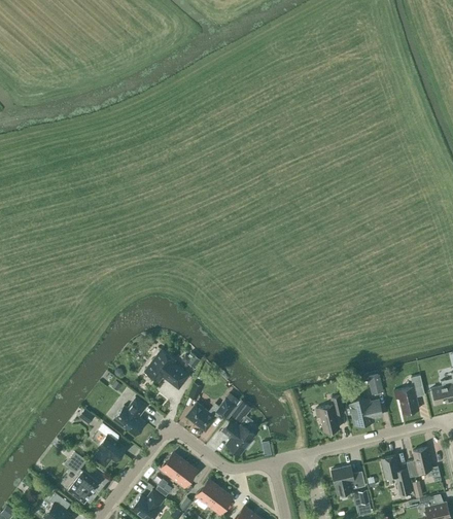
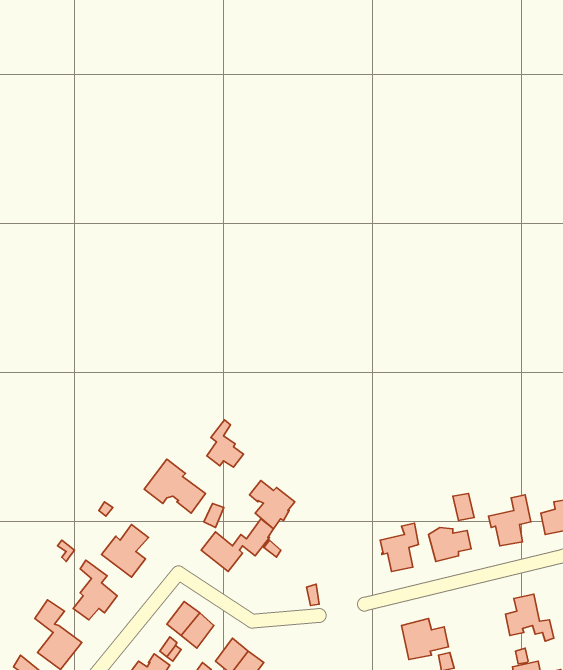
building: none -> [207,420,244,467]
building: [221,420,254,455] -> [249,481,295,529]
building: [380,455,411,495] -> none

